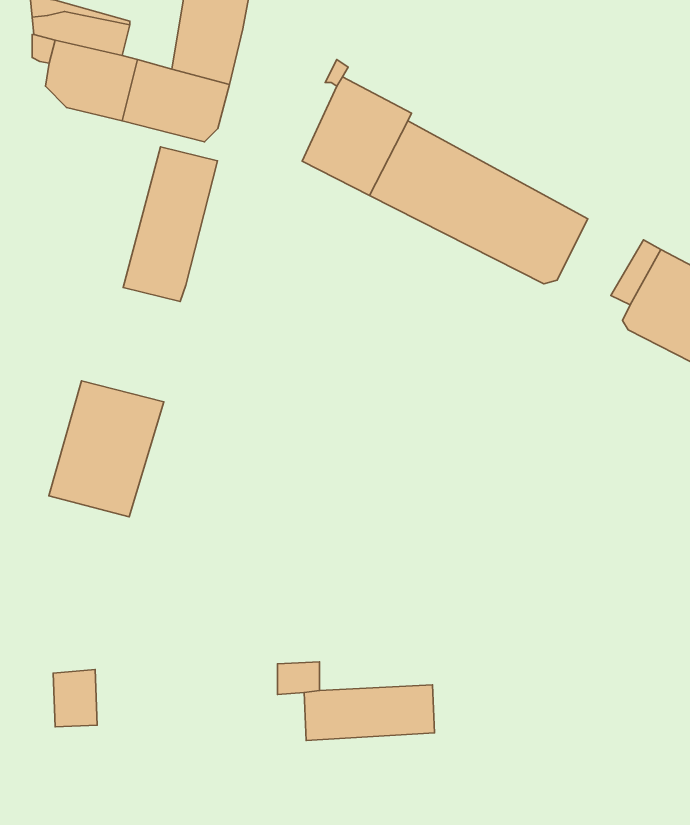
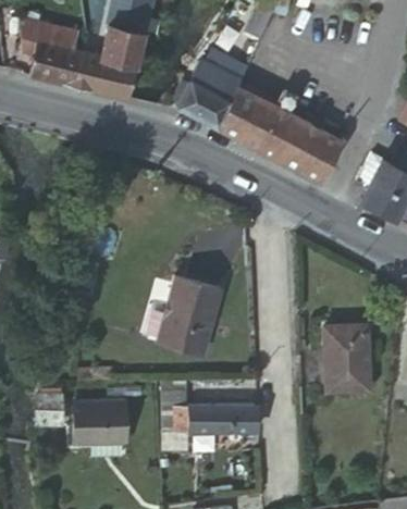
building: [123,147,217,302] -> none
building: [49,381,164,517] -> [156,277,221,355]
building: none -> [324,324,368,388]
building: none -> [72,404,125,442]

